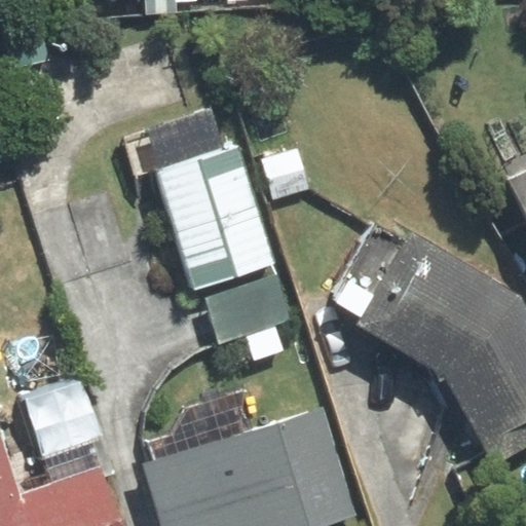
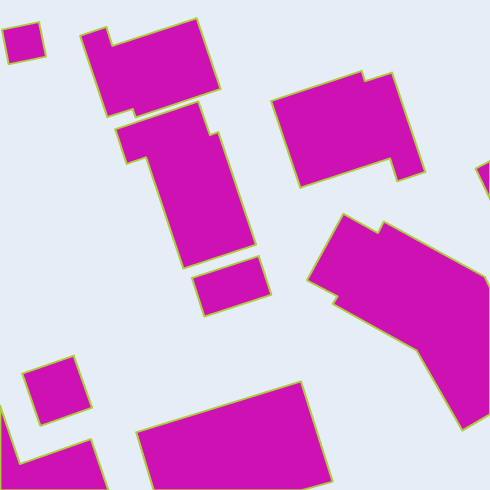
building: none -> [80,18,220,117]
building: none -> [271,71,425,188]

